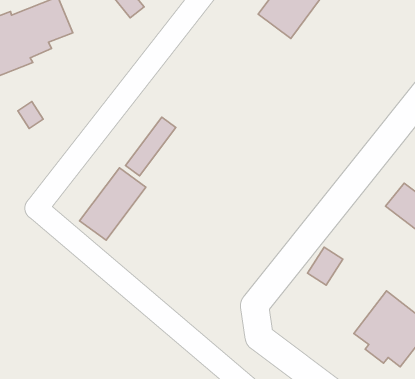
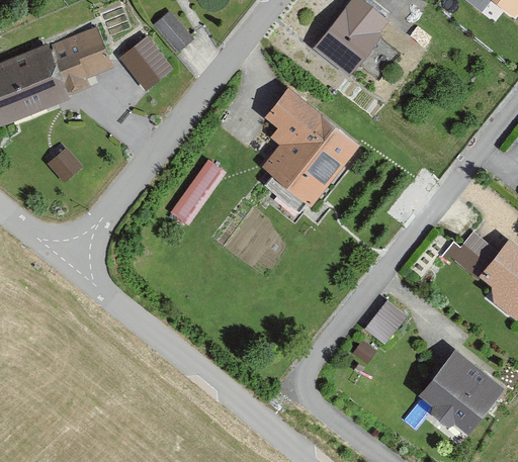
building: none -> [121,39,170,89]
building: none -> [262,87,359,205]
building: [80,168,146,240] -> none

